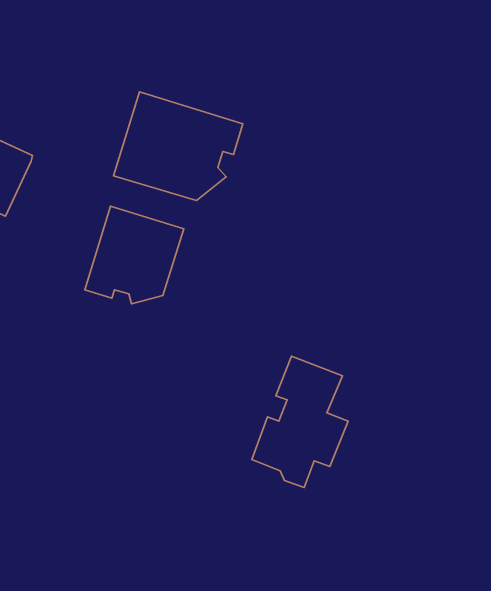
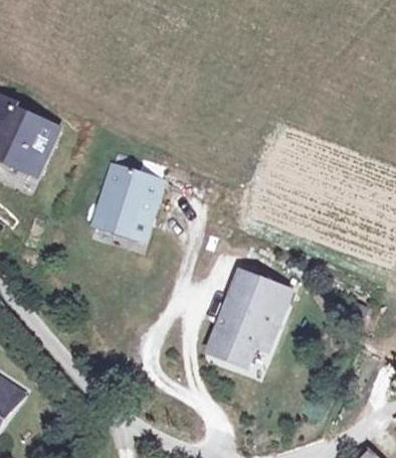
building: [114,92,243,200] -> none

